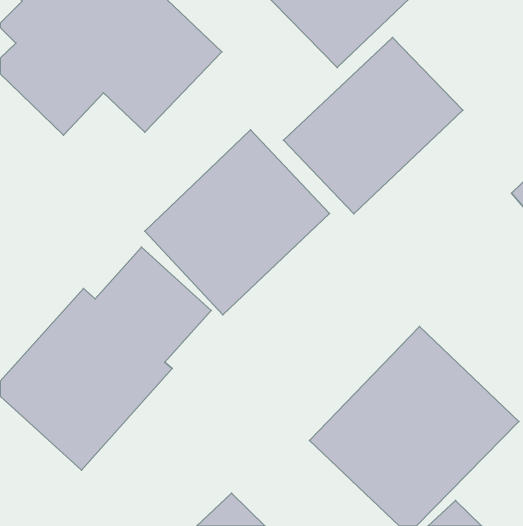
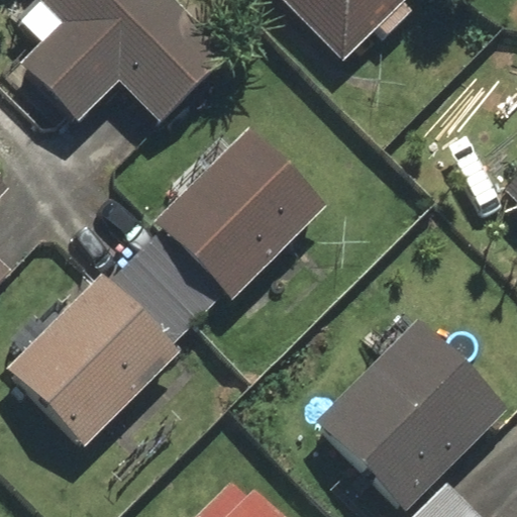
building: [284,37,463,214] -> none

